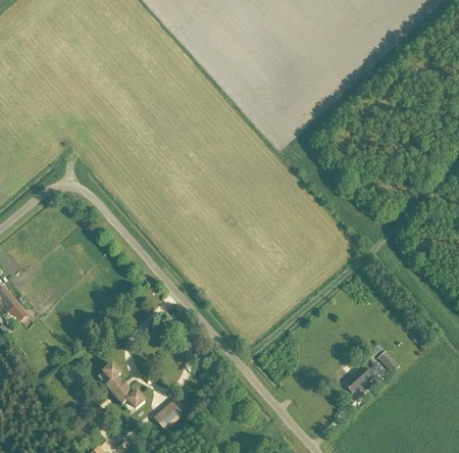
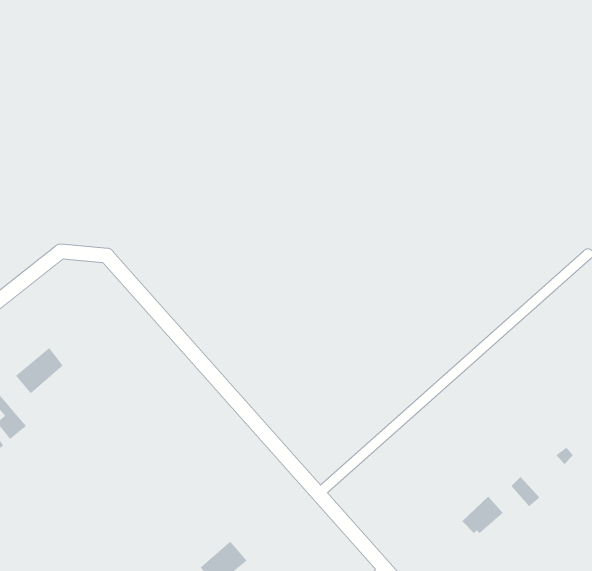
building: none -> [15,347,63,394]
building: [102,363,144,408] -> none

